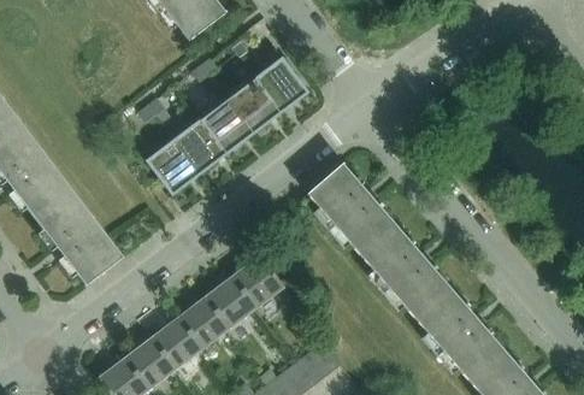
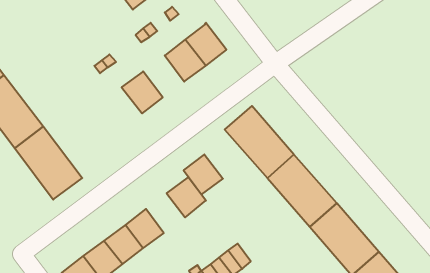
building: [202,99,255,153] -> none
building: [148,140,201,195] -> none
building: [206,276,256,328] -> [184,154,223,195]

